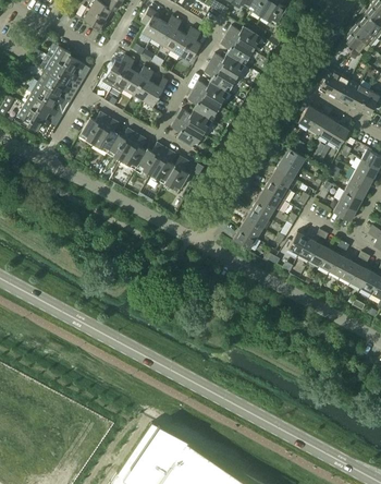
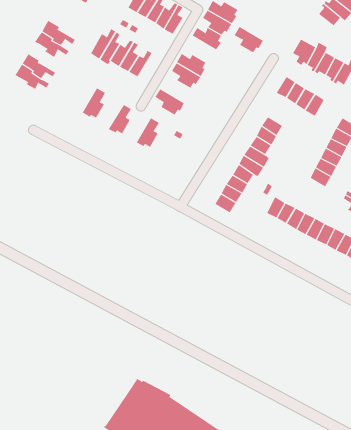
building: [205,63,236,92] -> [234,26,264,53]
building: [38,70,74,97] -> none
building: [17,105,54,132] -> none
building: [176,110,209,134] -> none
building: [82,112,110,144] -> none
building: [110,130,138,161] -> none
building: [135,144,167,176] -> none
building: [165,157,189,190] -> none

